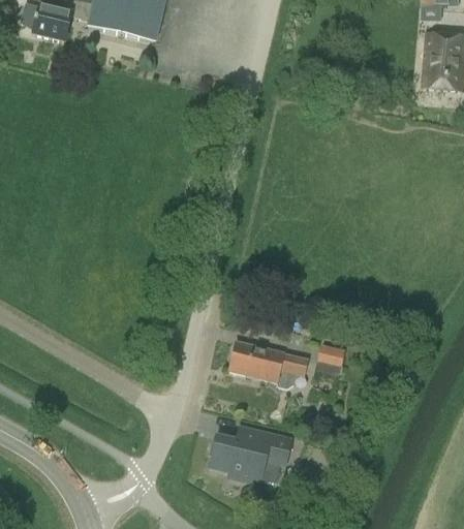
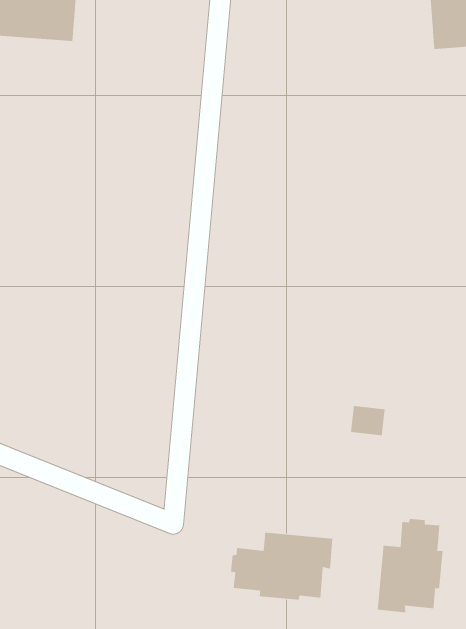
building: [228,341,309,388] -> none
building: none -> [377,518,443,613]

